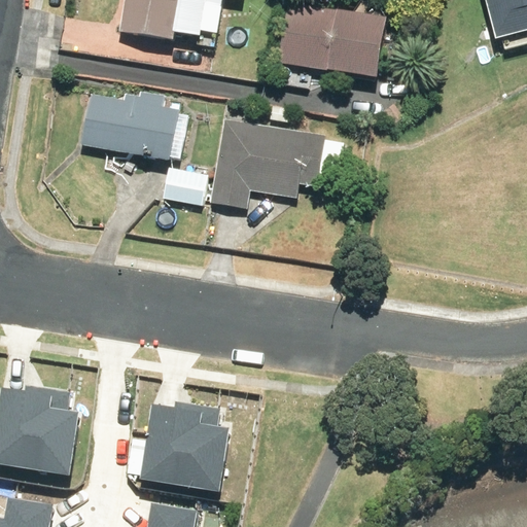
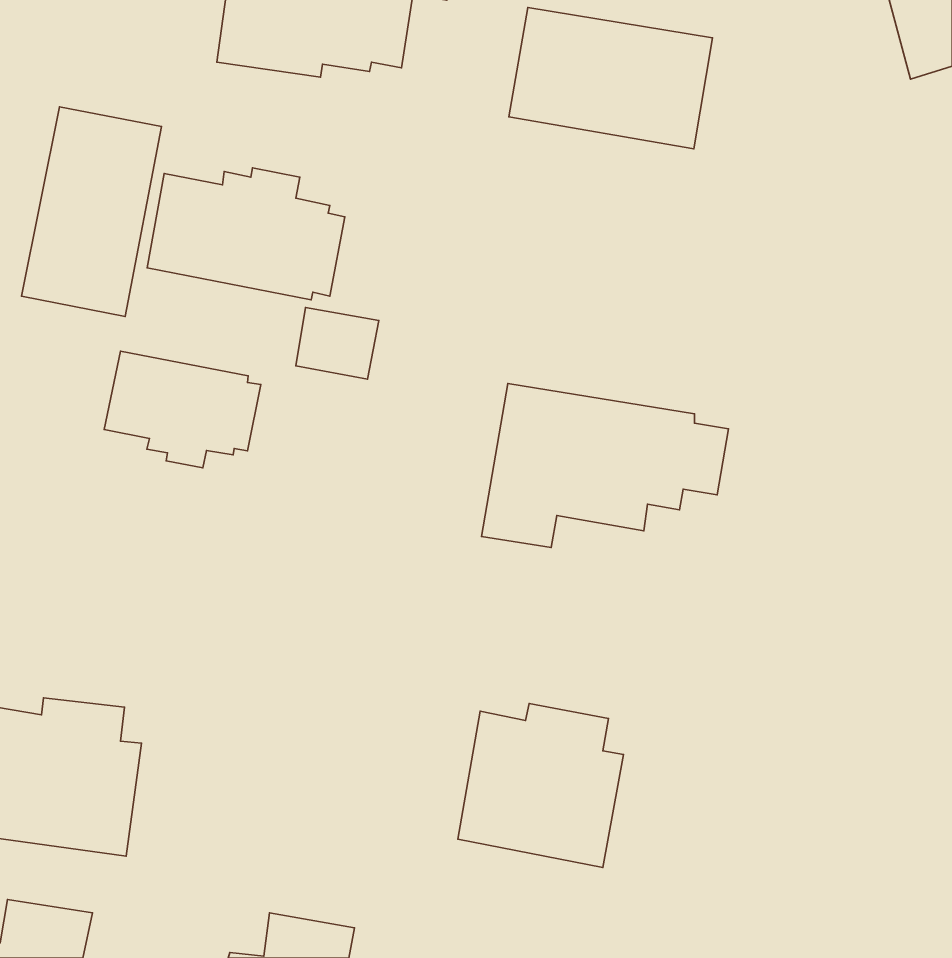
building: none -> [21,107,162,316]
building: [208,119,343,209] -> [482,384,729,548]
building: none -> [104,351,261,468]
building: [140,396,231,486] -> [458,704,624,868]

